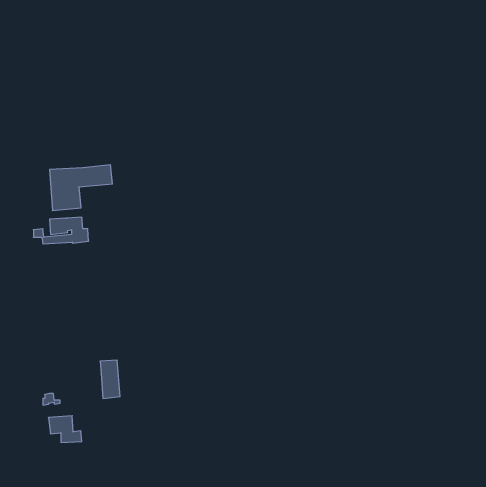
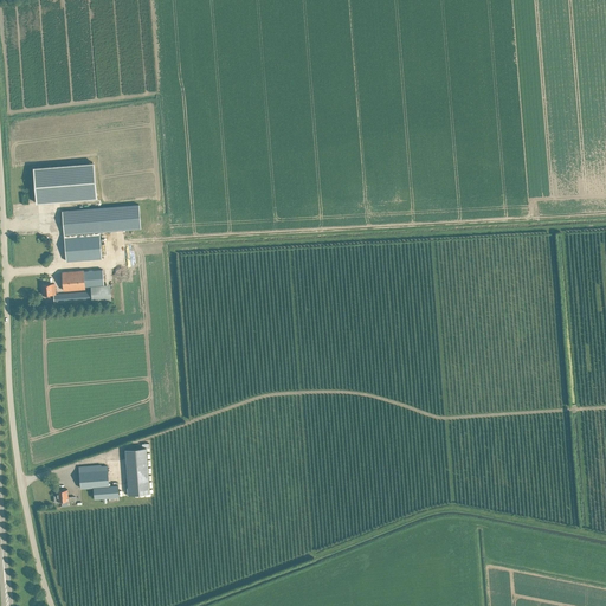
building: none -> [32,162,95,202]
building: [48,416,82,442] -> [77,465,118,498]

